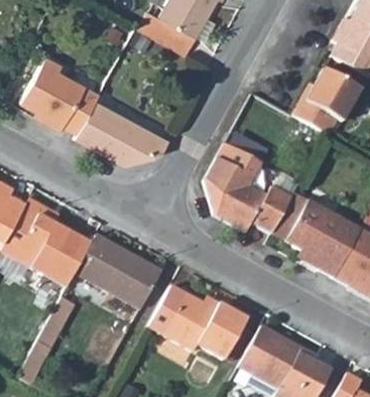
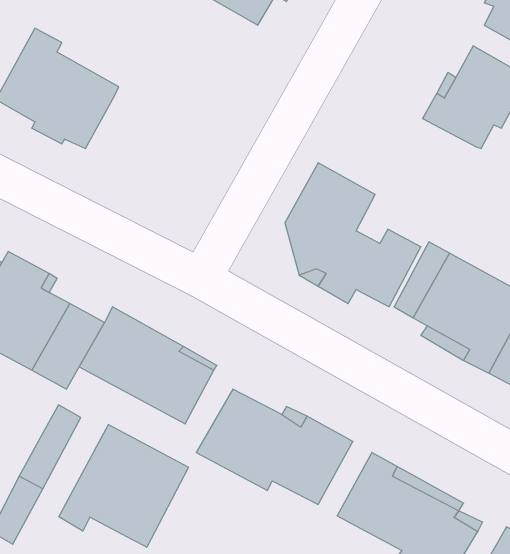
building: [77,100,169,164] -> none
building: none -> [59,425,189,547]

